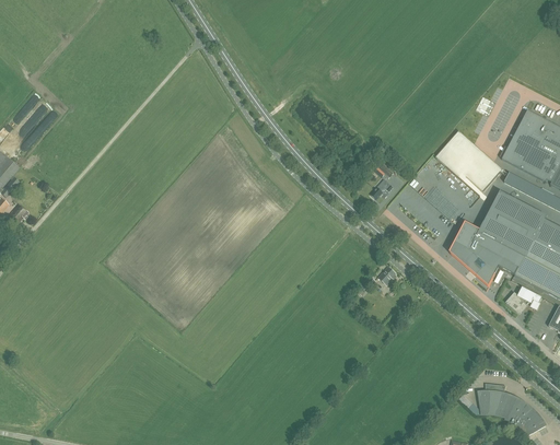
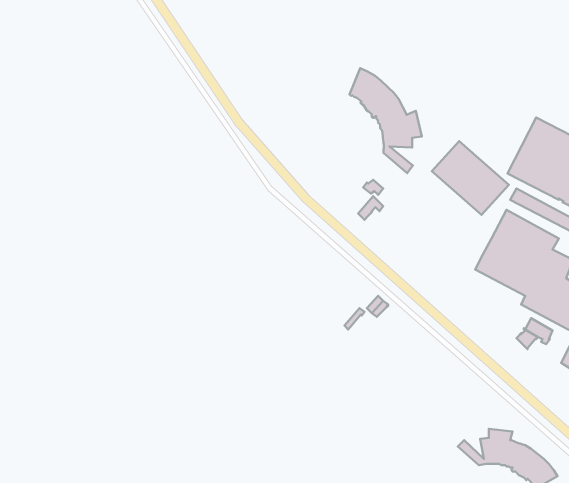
building: none -> [350,68,422,173]
building: [453,223,517,282] -> none

